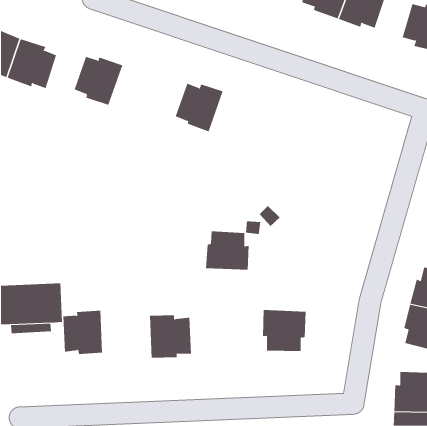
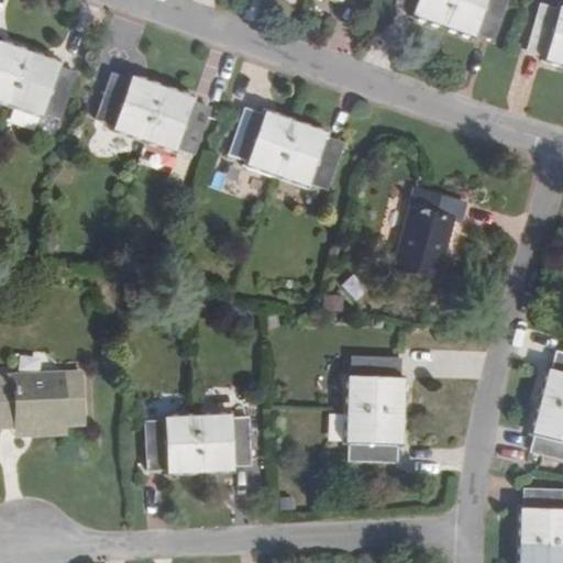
building: none -> [144,86,211,152]
building: none -> [276,120,343,188]
building: none -> [394,188,466,277]
building: [205,231,250,270] -> [346,357,405,409]
building: [63,310,103,355] -> [146,415,199,473]

